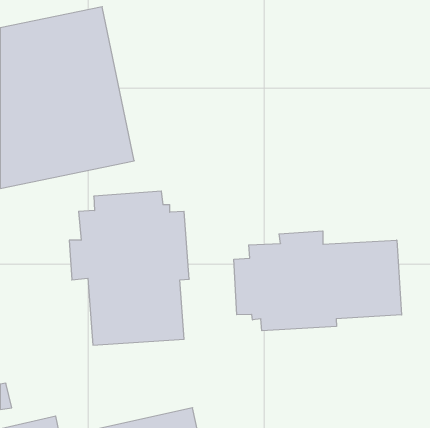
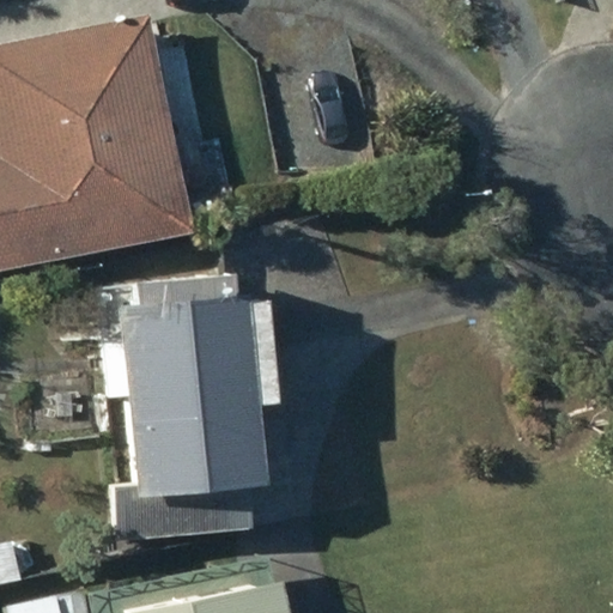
building: [234,231,402,331] -> none

